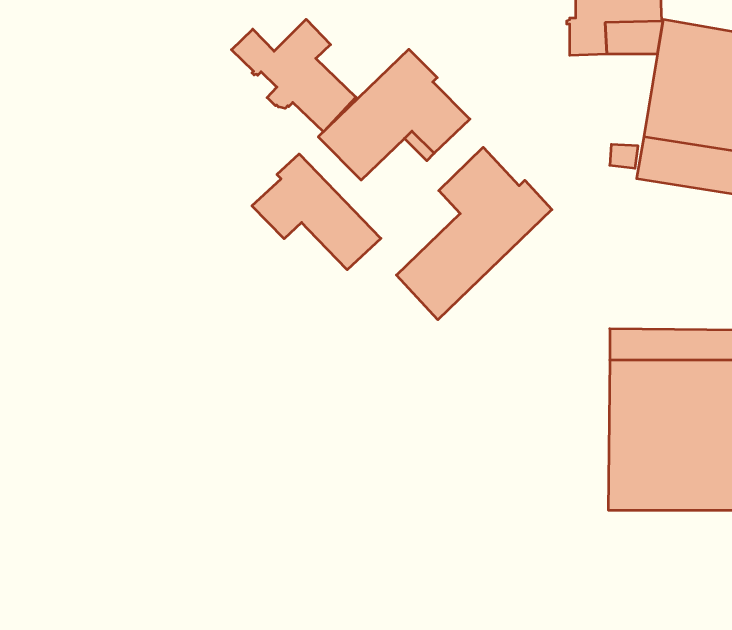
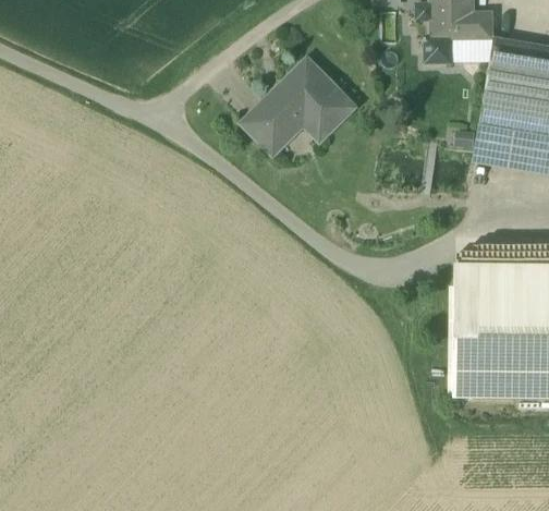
building: [231,19,356,132] -> none
building: [396,147,552,320] -> none
building: [252,154,381,270] -> none

